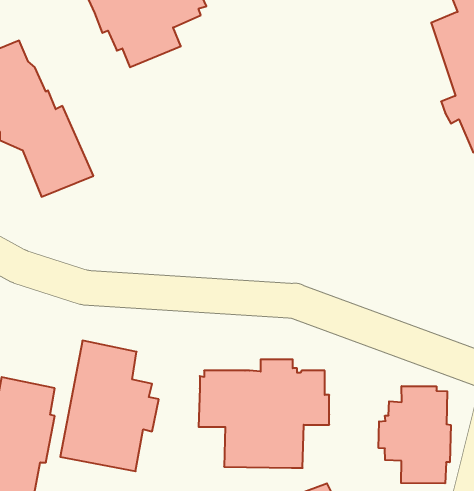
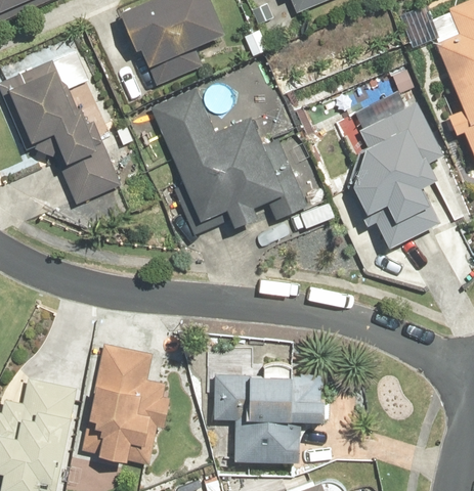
building: none -> [152,91,306,232]
building: none -> [345,103,441,251]
building: [379,386,451,483] -> none

